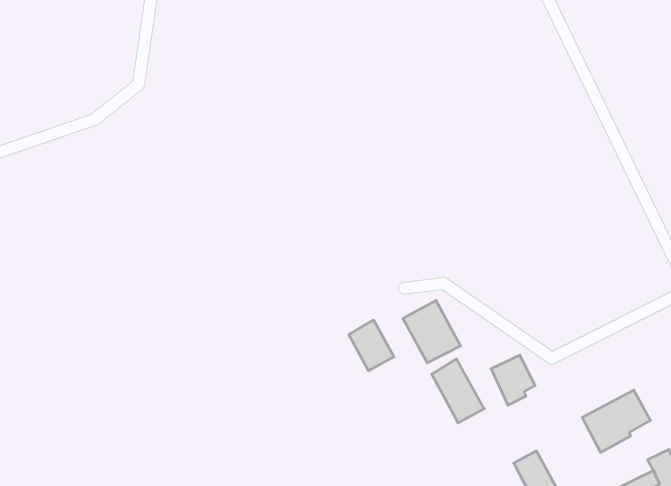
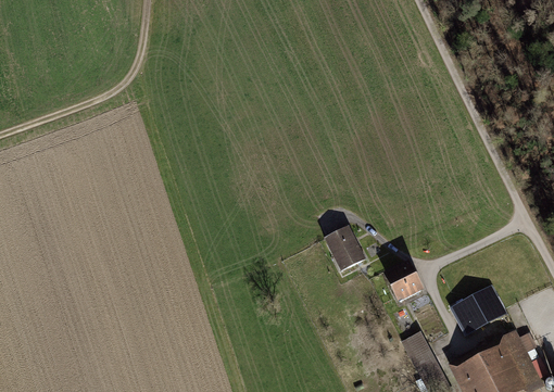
building: [349,320,394,371] -> none
building: [432,359,484,423] -> none

